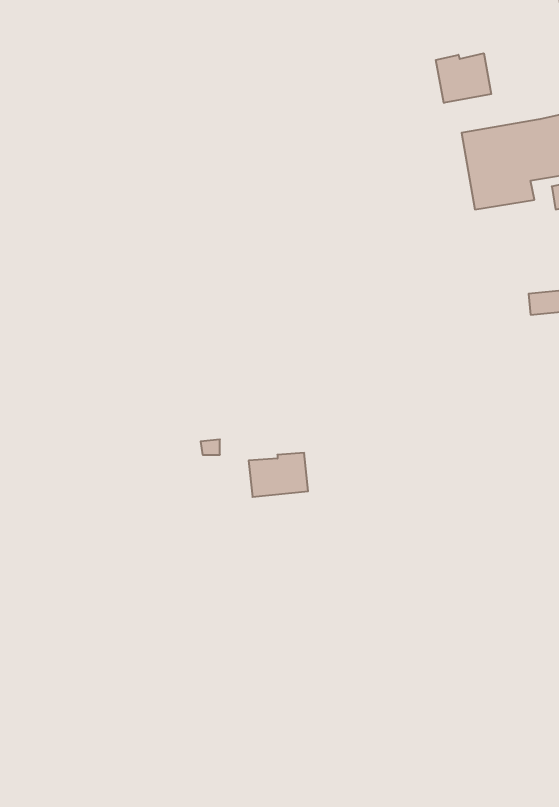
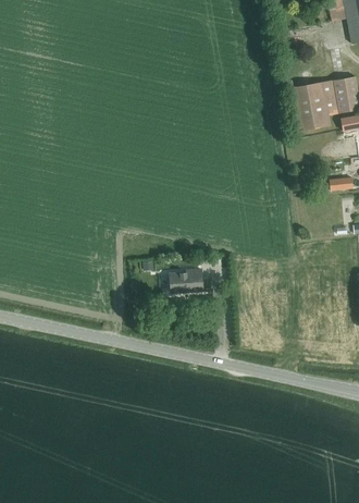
building: [436,53,491,103] -> none

